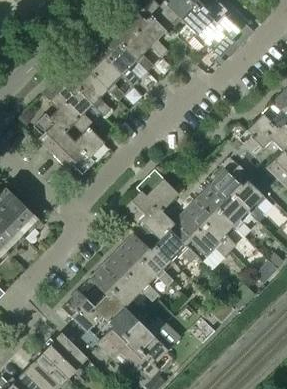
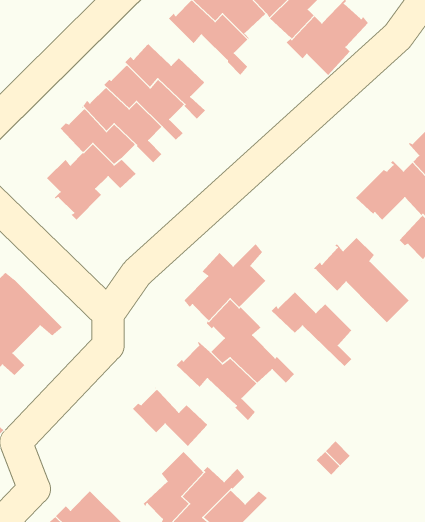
building: [99,20,153,72] -> none
building: [53,123,105,174] -> none
building: [196,187,250,237] -> none
building: [170,214,231,267] -> none
building: [105,250,159,302] -> none
building: [62,289,127,332] -> none

